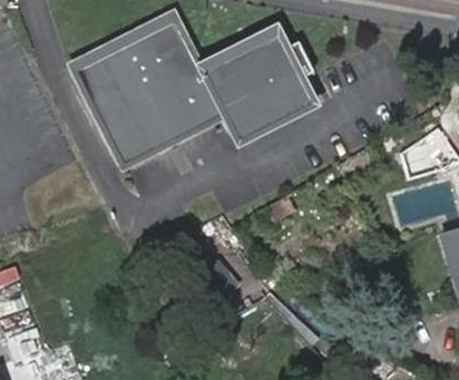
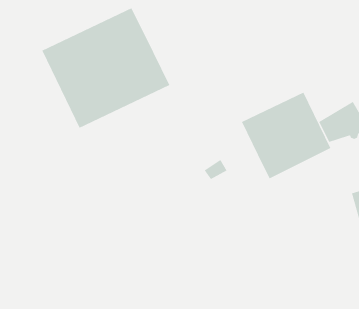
building: [206,32,313,136] -> [241,92,331,179]

